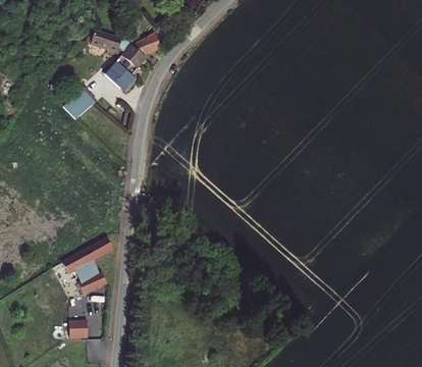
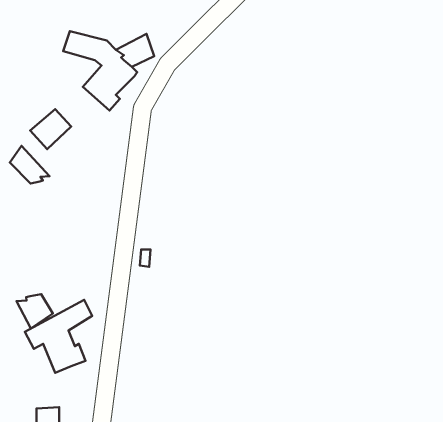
building: none -> [10,146,50,184]
building: none -> [16,294,53,328]

